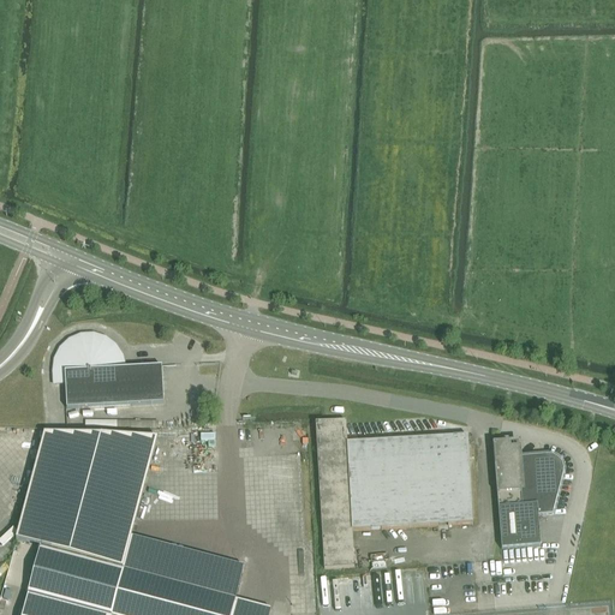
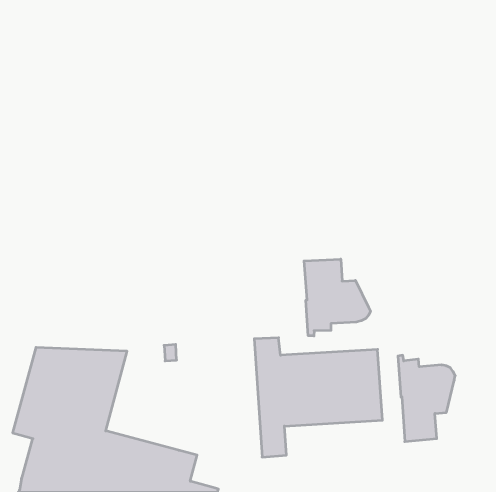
building: none -> [304,259,370,336]
building: [55,333,163,406] -> none

